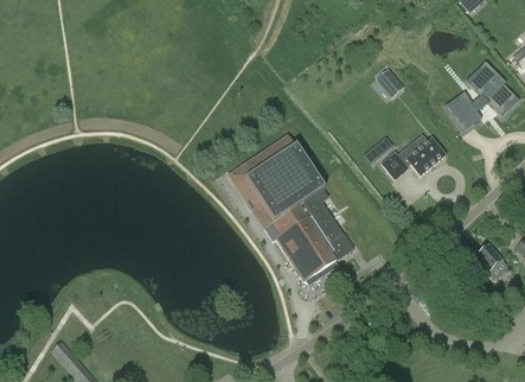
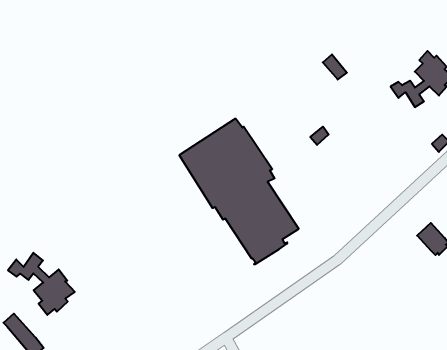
building: [380,135,446,179] -> none
building: none -> [8,253,75,315]

